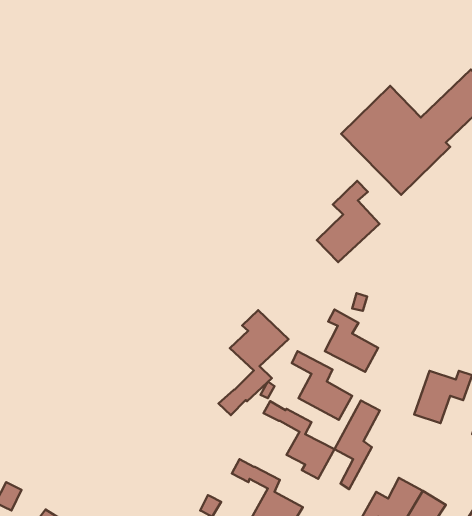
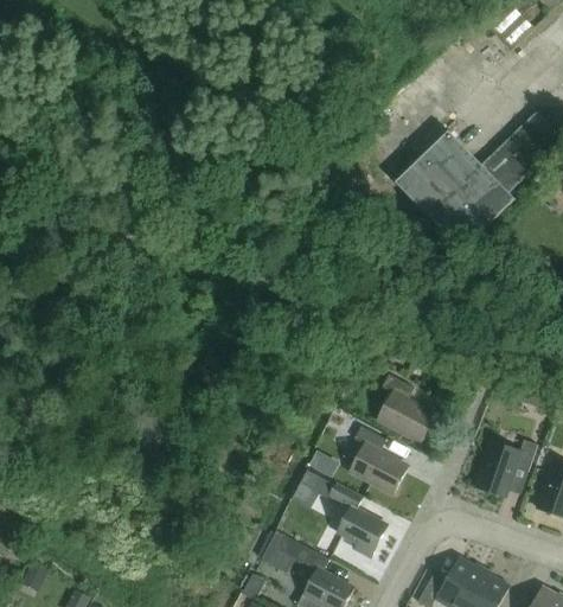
building: [317,181,380,262] -> none
building: [219,310,288,415] -> none
building: [335,400,380,489] -> none

